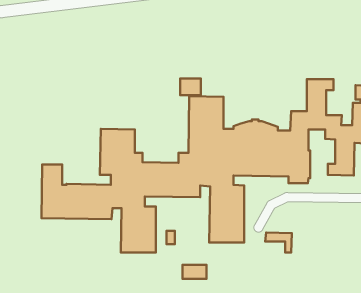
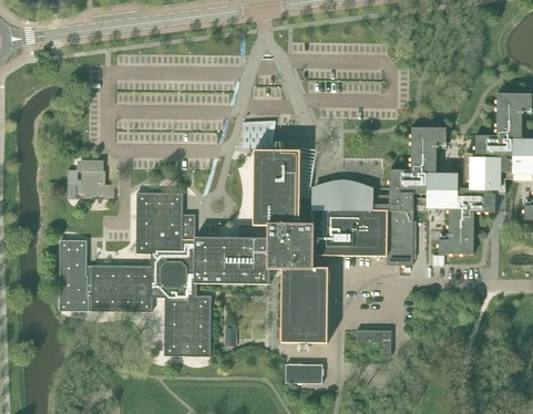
building: none -> [68,159,115,198]
building: [182,265,207,279] -> [290,363,322,382]

